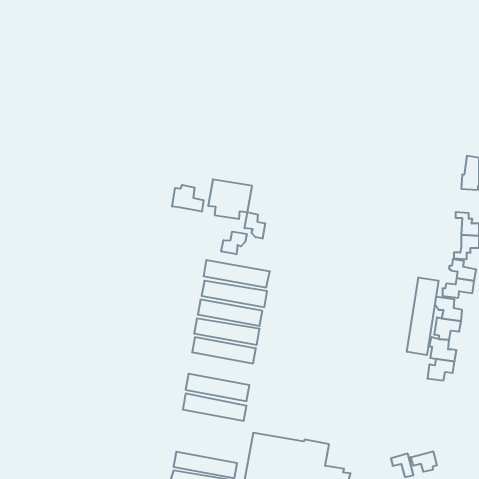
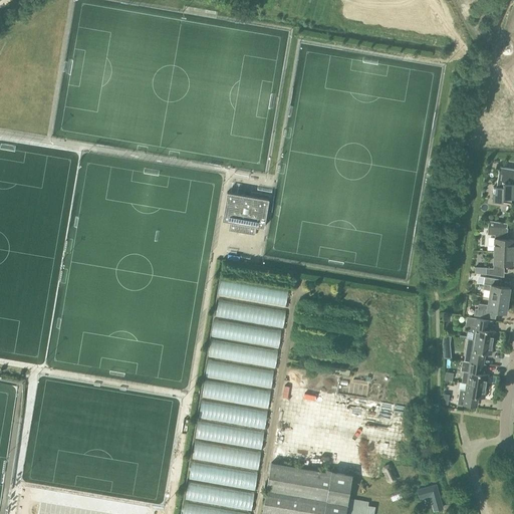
building: [172,185,203,212] -> none
building: [245,212,265,239] -> none
building: [221,232,247,254] -> none
building: [407,277,438,355] -> none
building: none -> [202,380,271,410]
building: none -> [193,442,261,471]
building: none -> [189,463,258,492]
building: [411,451,437,472] -> none

